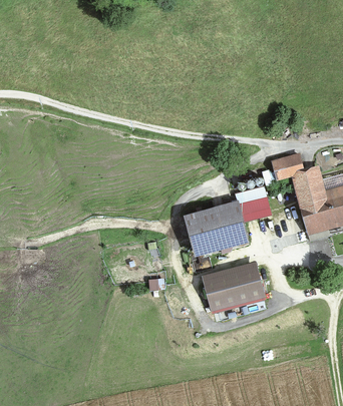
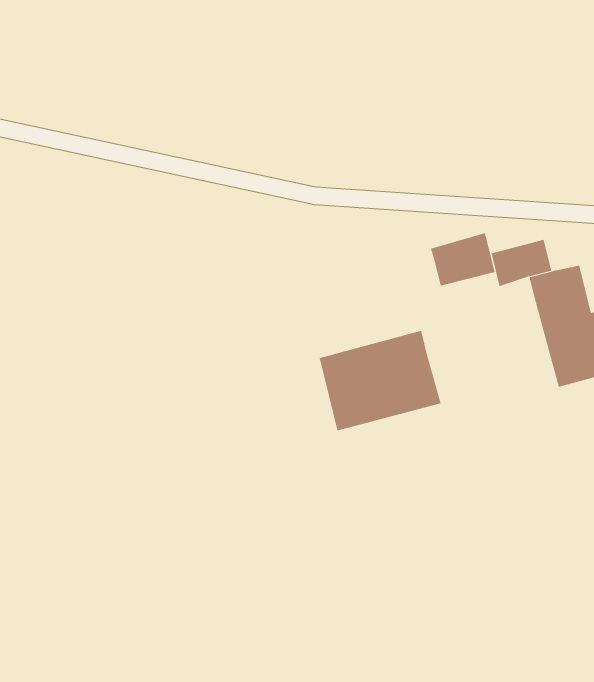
building: [235,186,268,214] -> [430,233,495,286]
building: [205,271,261,306] -> none

